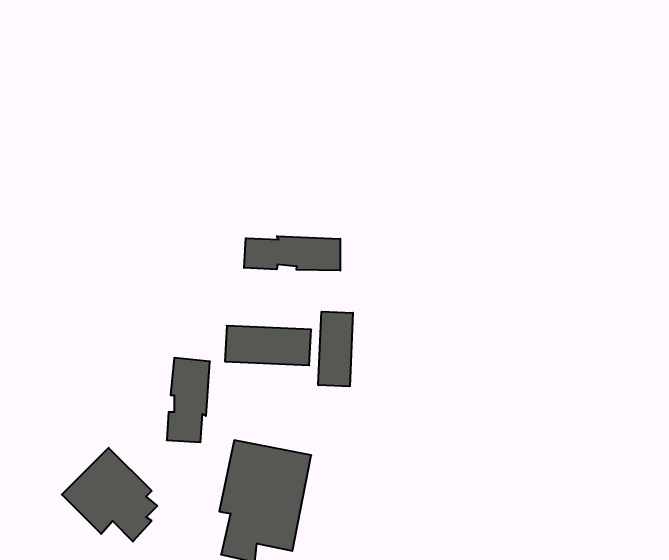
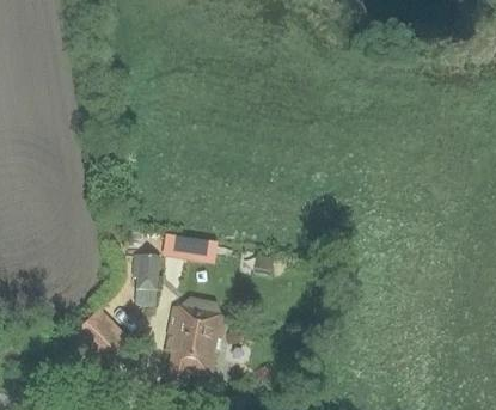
building: [244,236,340,271] -> none
building: [318,312,353,386] -> none

